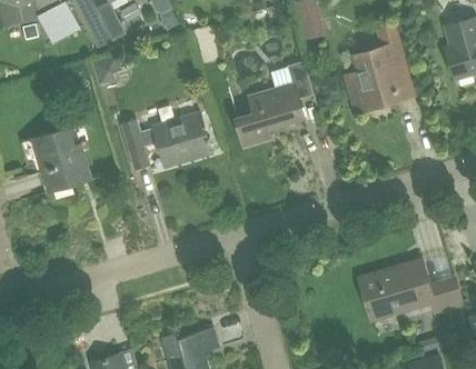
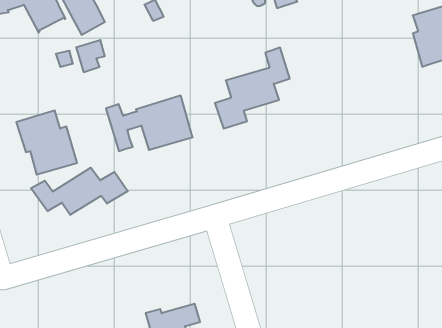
building: [347,26,406,110] -> none
building: none -> [31,168,128,215]
building: [360,260,463,316] -> none

